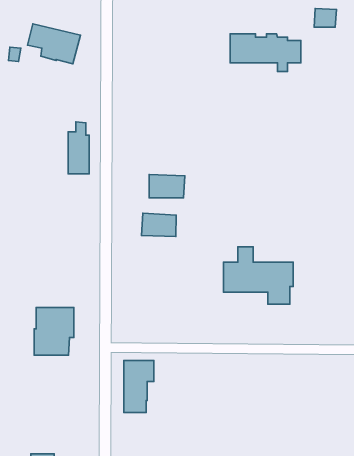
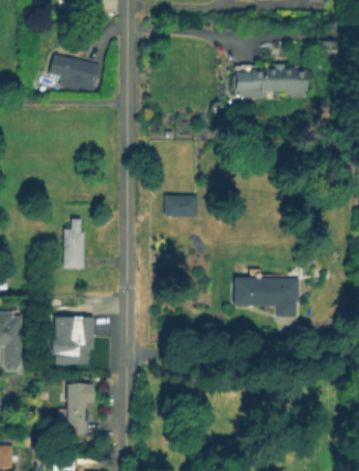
building: [68,122,89,174] -> [63,220,83,269]
building: [141,213,176,236] -> none
building: [124,360,154,413] -> [66,385,94,434]

